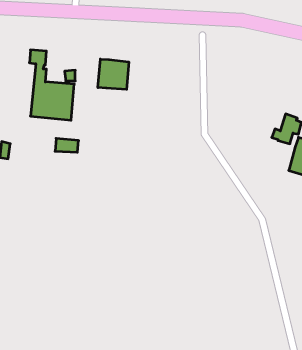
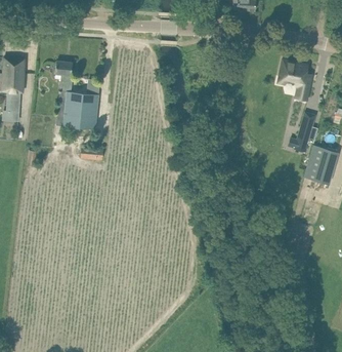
building: none -> [271,57,305,92]
building: [98,59,129,89] -> none

